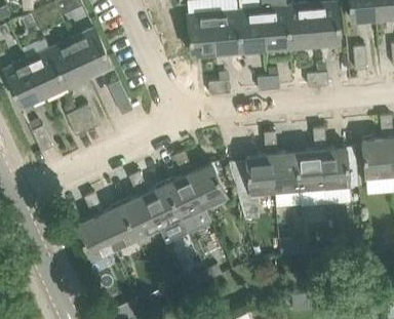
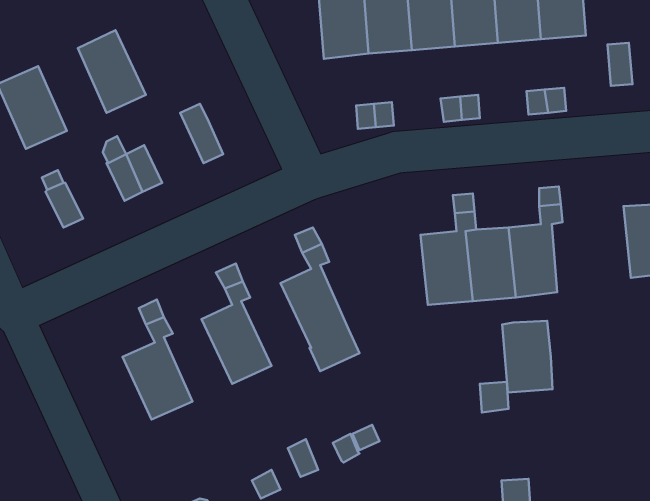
building: [72,29,113,77] -> none
building: [28,50,67,97] -> none
building: [321,149,350,190] -> [502,321,553,393]
building: [189,163,229,211] -> none
building: [144,185,189,245] -> none
building: [100,205,139,252] -> none

